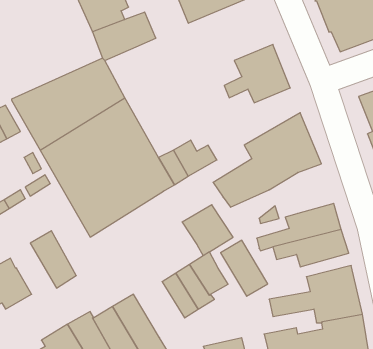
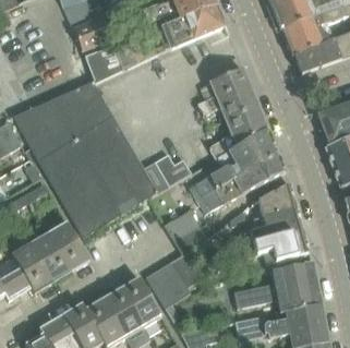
building: none -> [210,106,267,157]
building: none -> [261,183,297,216]
building: none -> [49,220,89,271]
building: [221,240,268,296] -> [121,276,162,325]
building: none -> [12,242,53,292]

